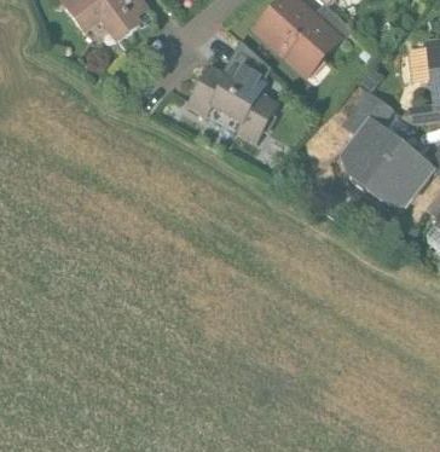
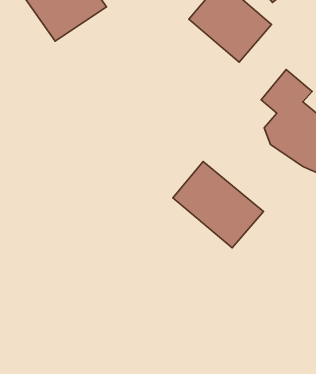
building: [180,53,284,144] -> none
building: none -> [173,162,263,248]

